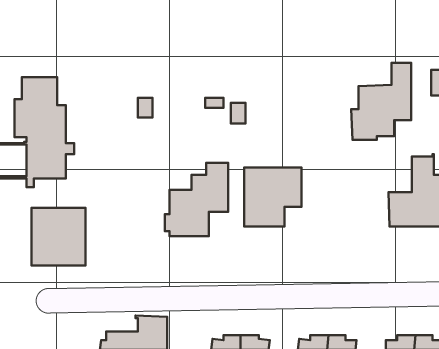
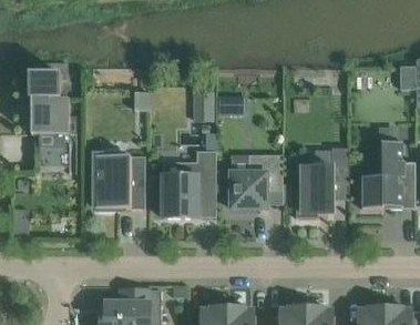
building: [351,63,411,140] -> [295,146,349,216]
building: [32,208,85,265] -> [96,155,145,207]

